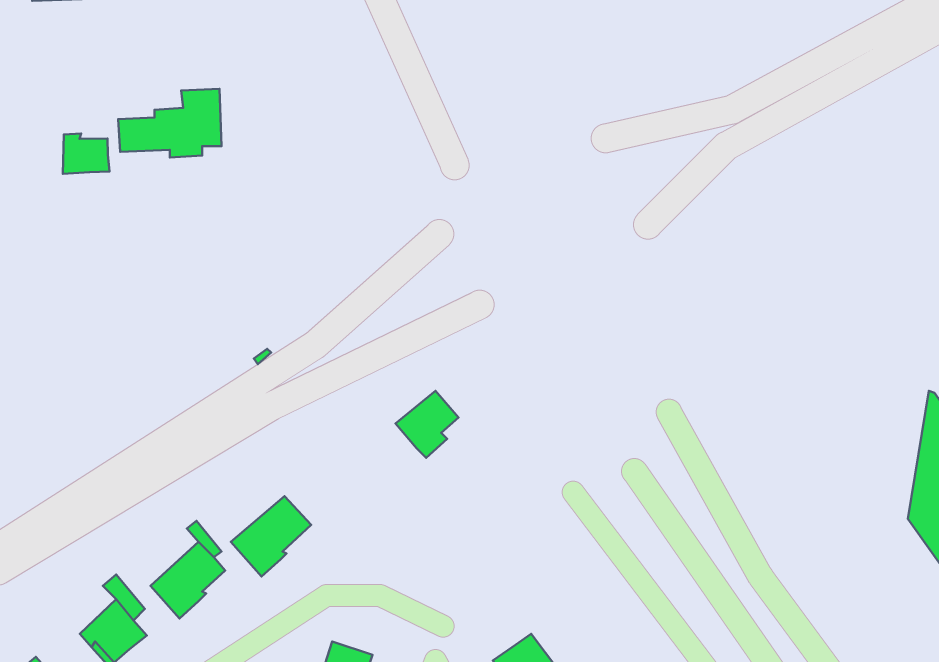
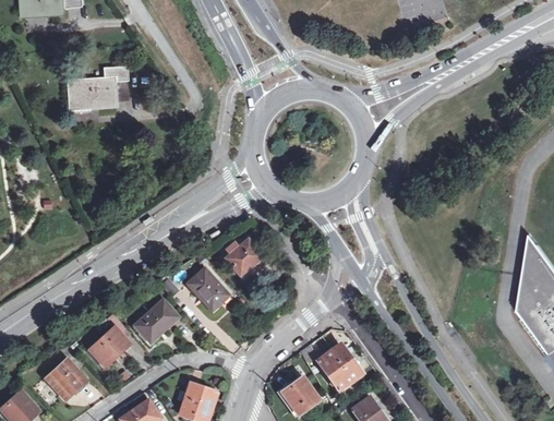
building: [63,134,109,174] -> none
building: none -> [188,268,228,313]
building: none -> [314,344,358,388]

